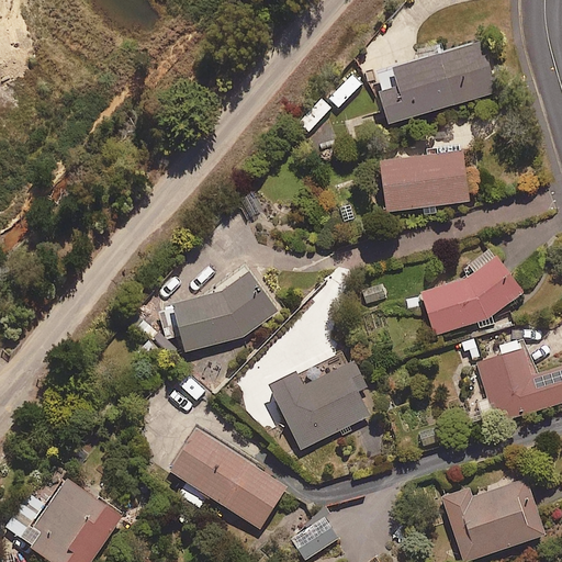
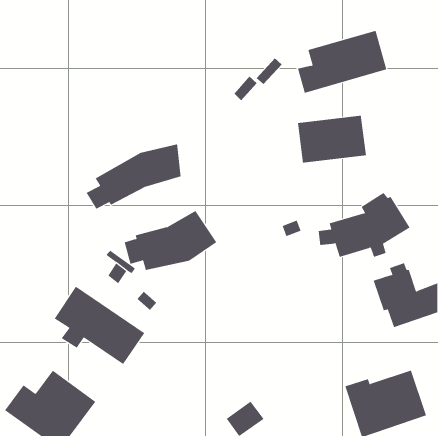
building: none -> [86,144,181,209]
building: [269,360,370,450] -> none
building: [169,428,285,529] -> [54,286,145,365]

